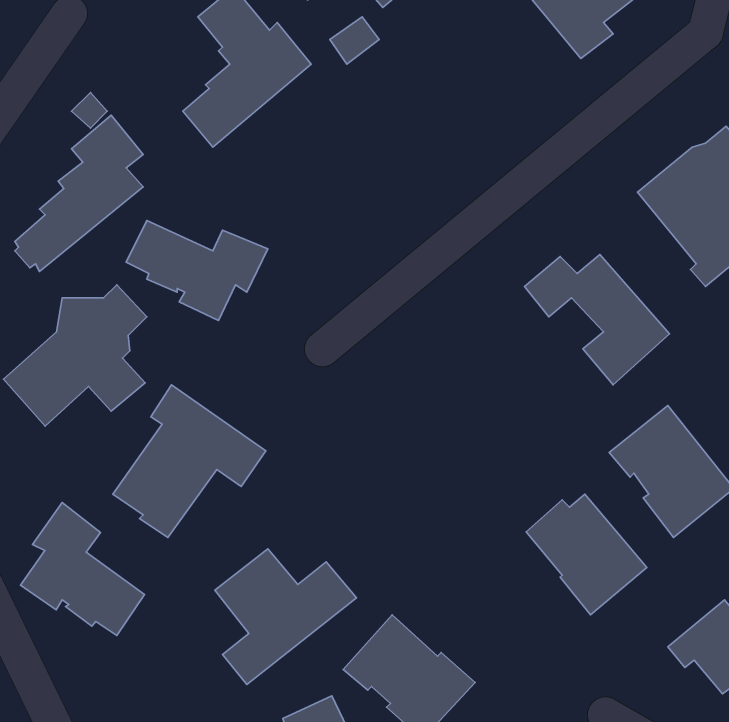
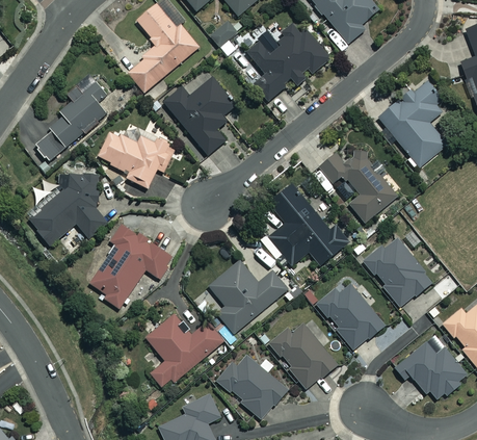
building: none -> [244,25,330,100]
building: none -> [163,77,234,156]
building: none -> [268,183,348,265]
building: none -> [210,260,287,333]
building: [20,502,144,635] -> none
building: none -> [268,321,336,389]

